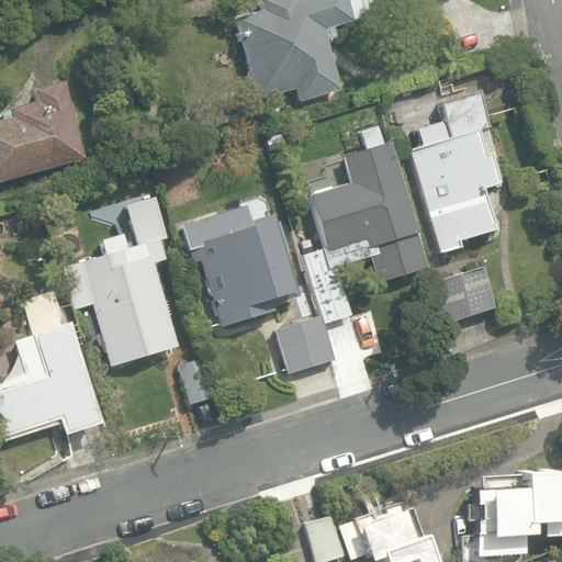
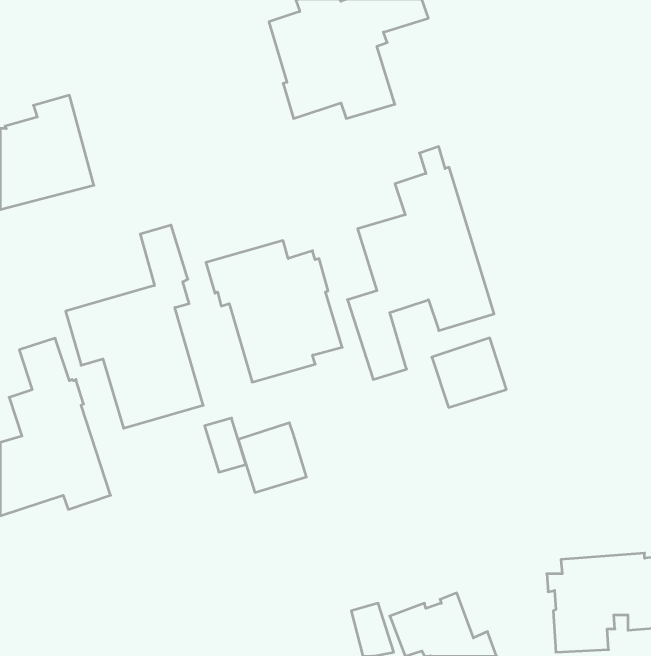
building: [409,94,501,256] -> none
building: [434,266,497,325] -> [432,338,506,407]
building: [276,314,334,373] -> [238,423,306,492]

